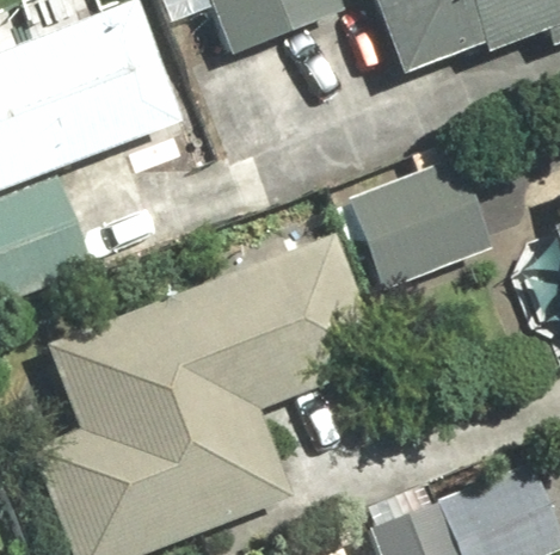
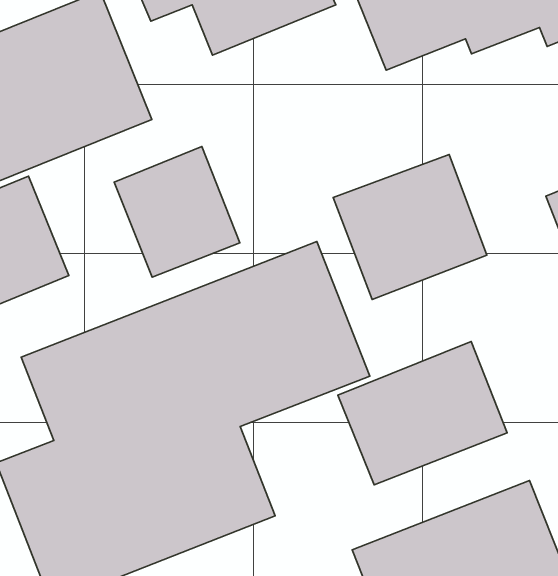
building: none -> [114,146,240,277]
building: none -> [338,341,507,485]

